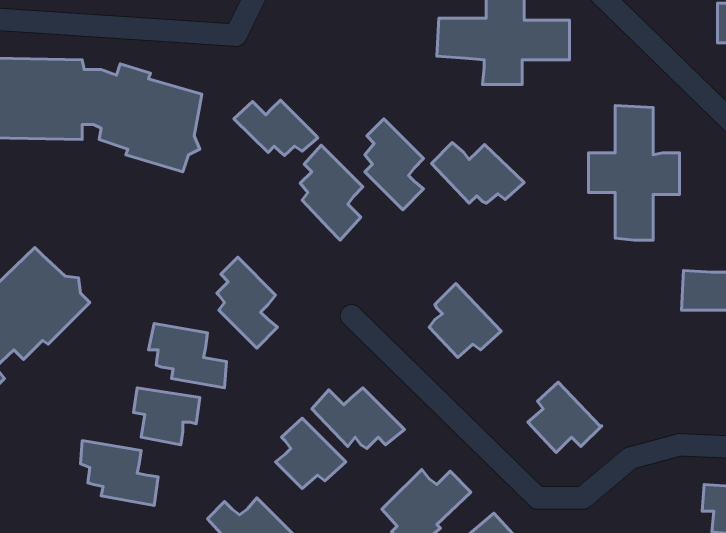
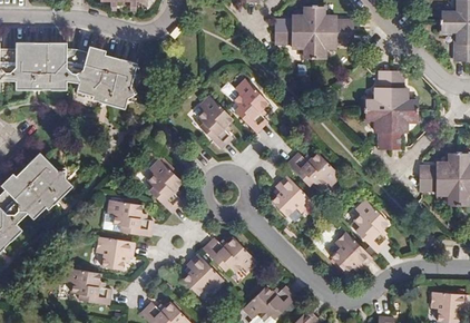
building: [234,100,318,155] -> none
building: [431,143,524,203] -> [286,151,341,187]
building: none -> [354,200,390,252]

